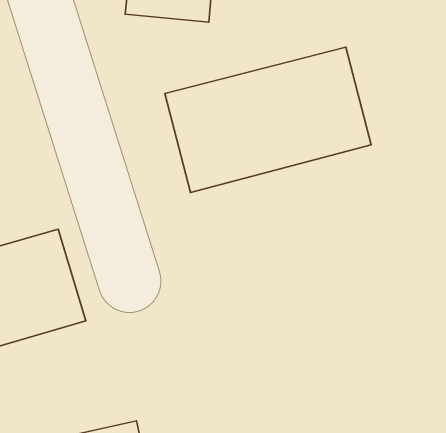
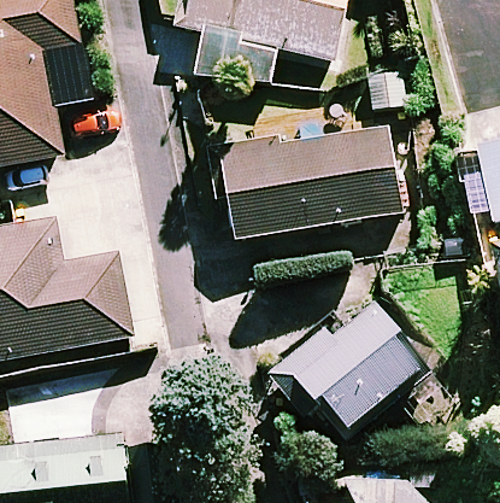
building: none -> [271,294,424,439]

